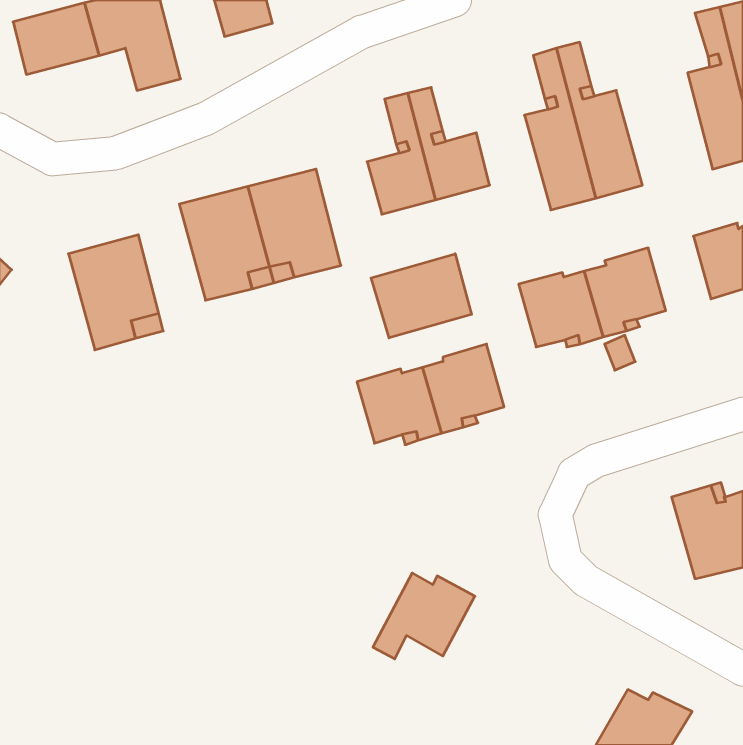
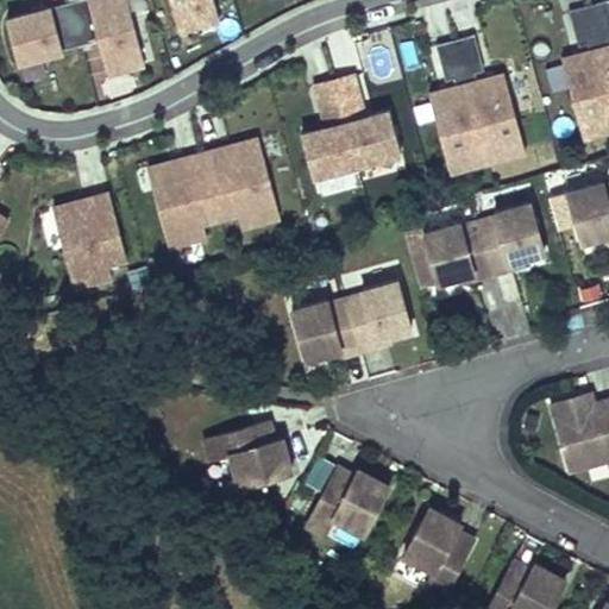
building: [371,254,472,338] -> none
building: none -> [203,422,291,488]
building: none -> [402,508,472,601]

